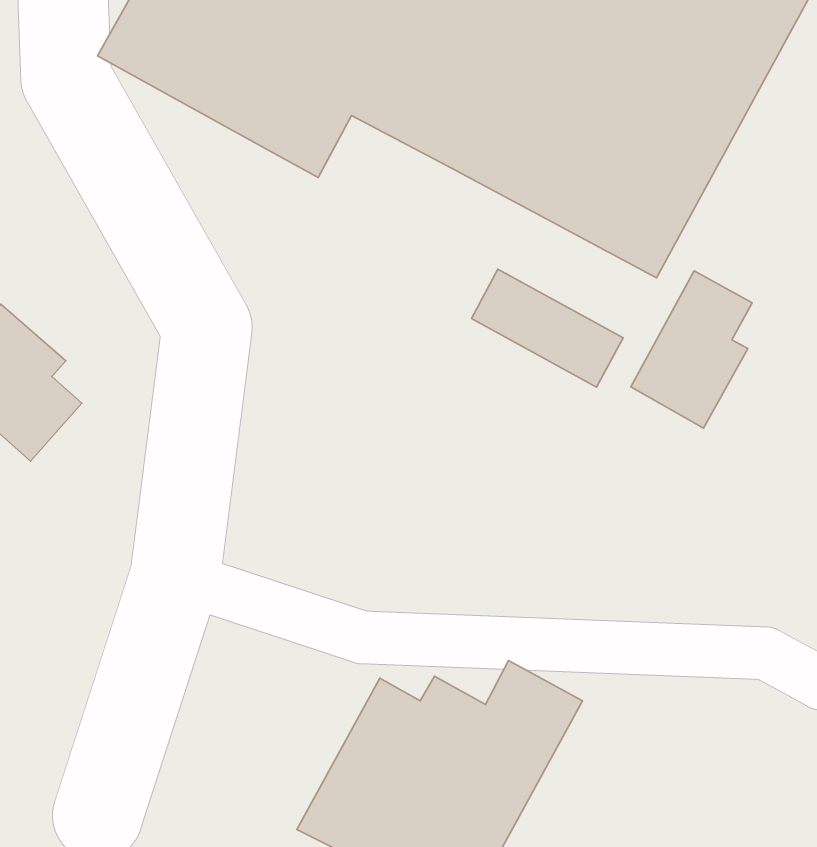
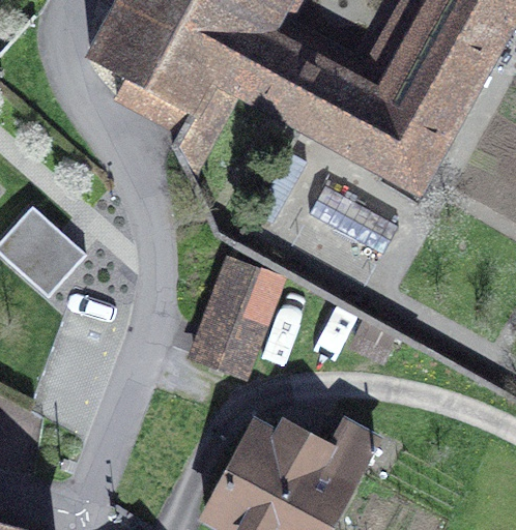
building: [631,271,752,428] -> none
building: none -> [196,258,280,374]

